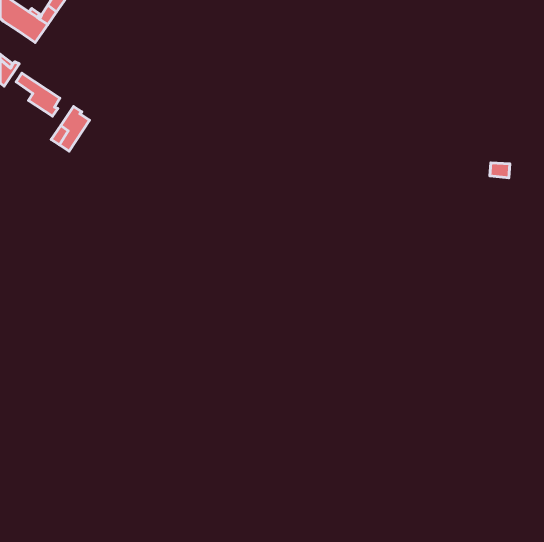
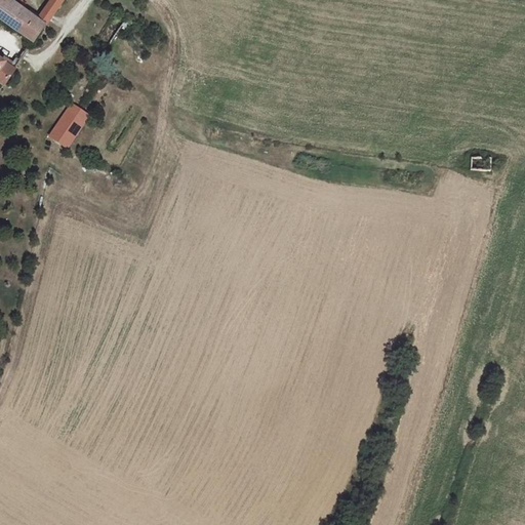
building: [16,73,60,116] -> none

